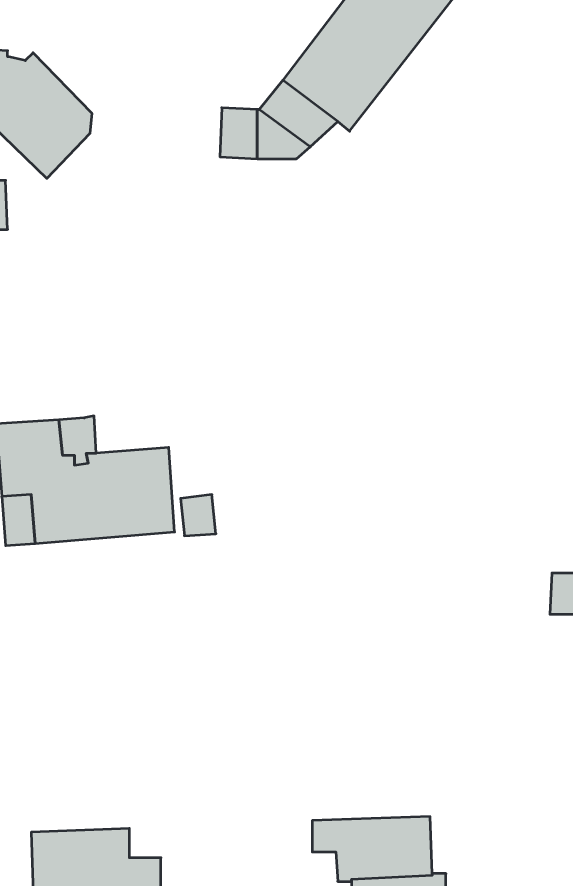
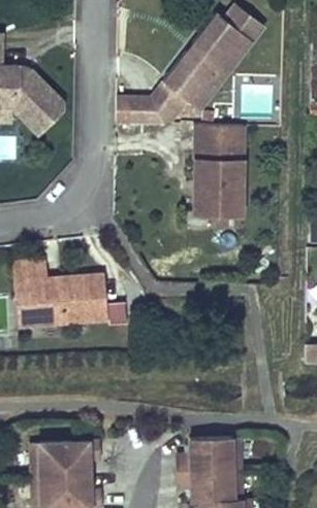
building: none -> [194,125,243,207]
building: none -> [178,437,241,471]
building: none -> [30,441,98,477]

